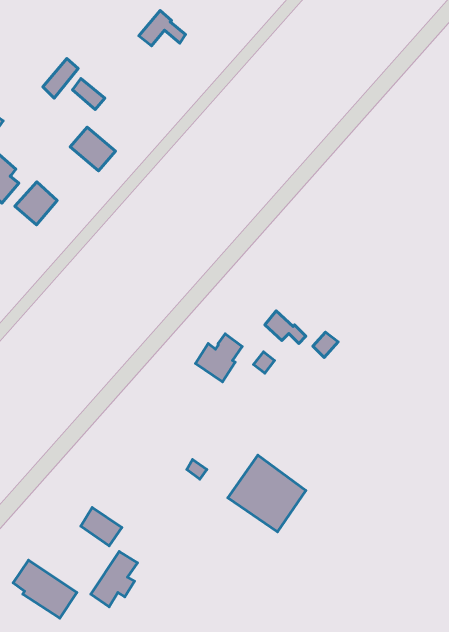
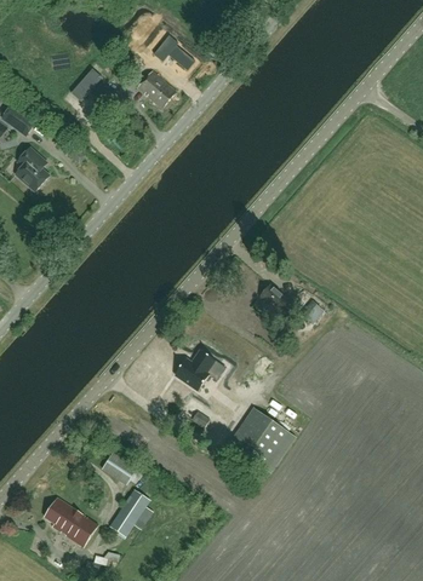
building: [70,127,115,171] -> [137,71,176,109]
building: [15,182,57,225] -> none
building: [196,334,242,382] -> [175,351,215,392]

